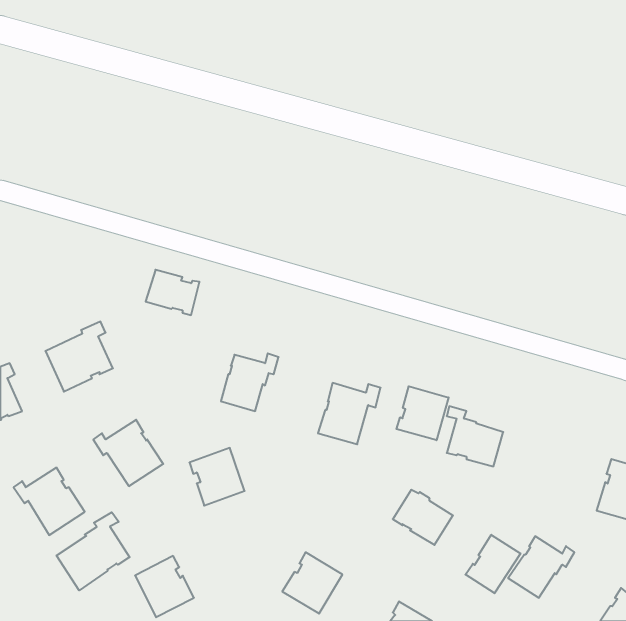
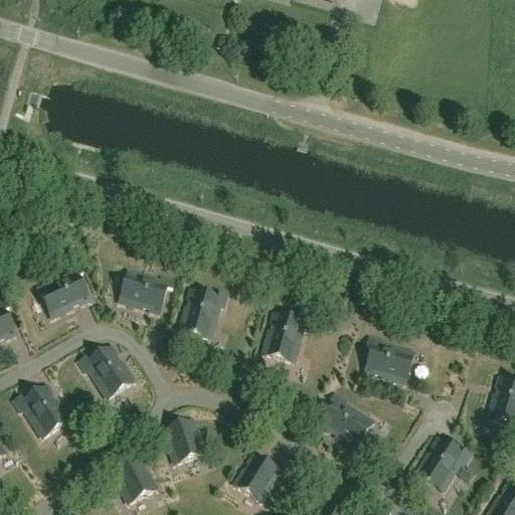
building: [146,270,200,315] -> [122,274,166,311]
building: [396,386,449,440] -> none
building: [189,448,245,506] -> [162,418,207,466]
building: [57,512,130,590] -> none
building: [465,535,520,593] -> none

